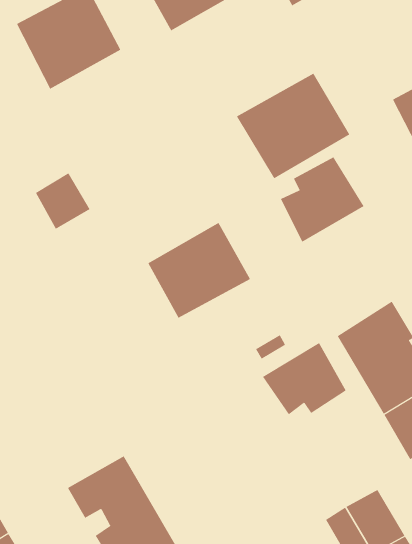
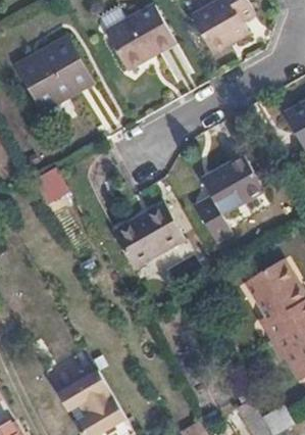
building: [236,73,350,179] -> none
building: [262,342,347,415] -> none

